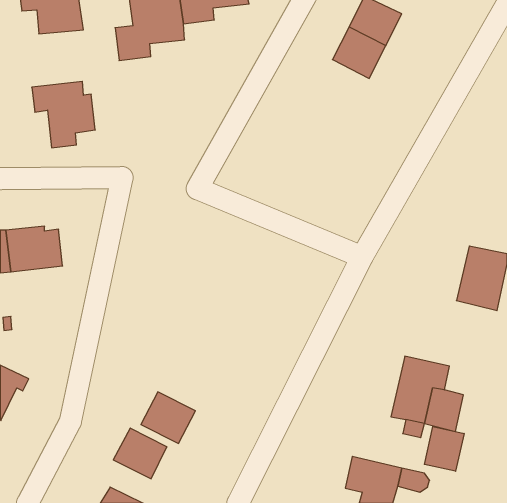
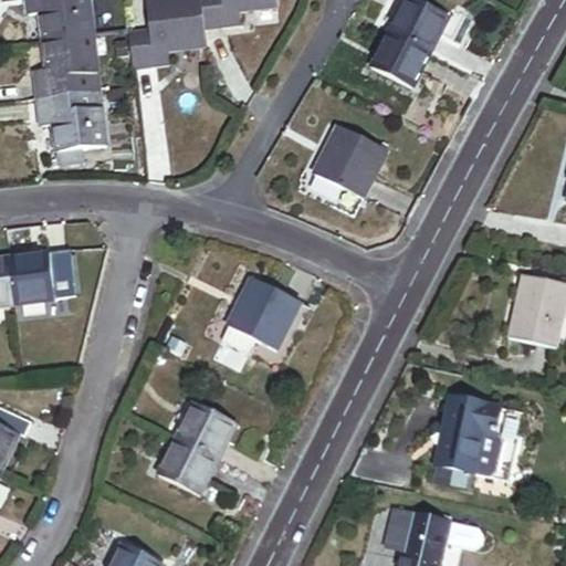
building: none -> [32,33,97,97]
building: none -> [315,125,387,197]
building: none -> [221,276,301,354]
building: [424,427,464,471] -> none
building: [113,428,167,479] -> [176,401,235,458]

